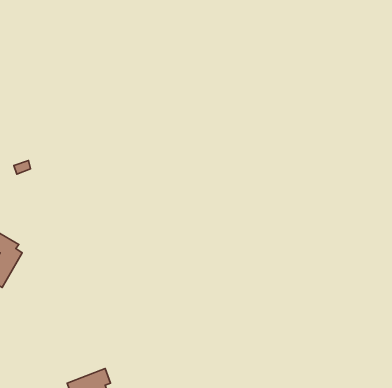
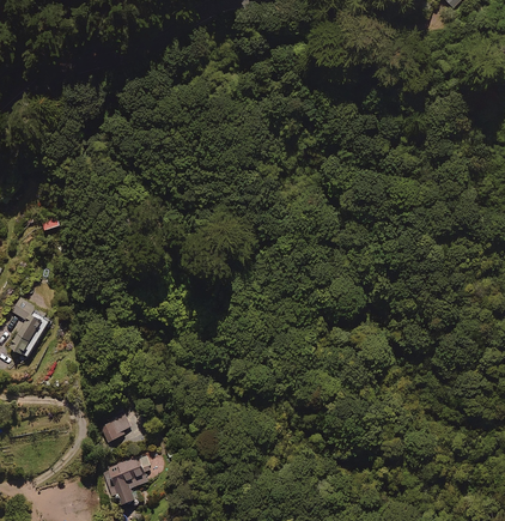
building: none -> [102,408,130,442]

